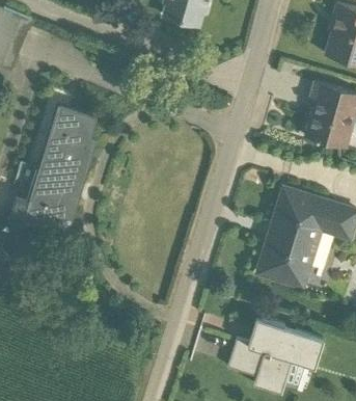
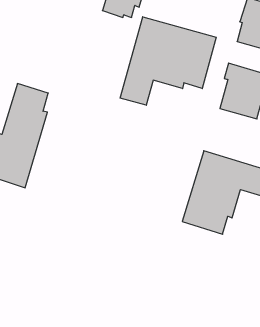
building: none -> [120,17,216,105]
building: [228,315,323,394] -> none

